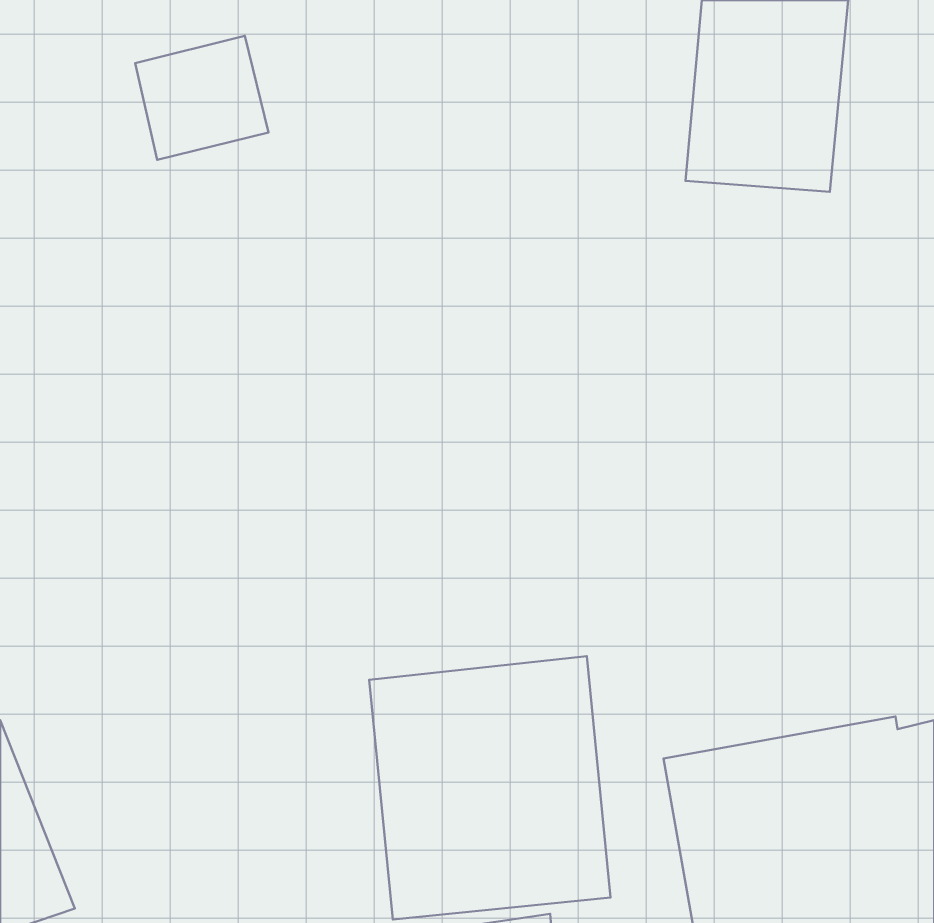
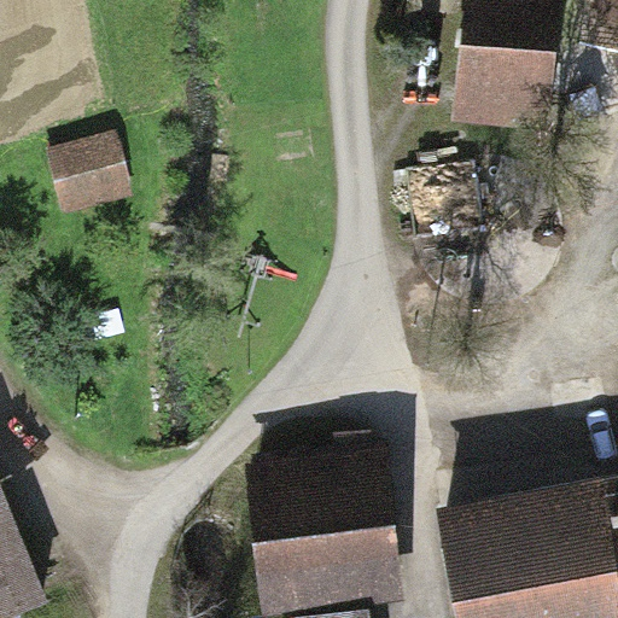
building: [135,36,269,160] -> [42,133,130,215]

